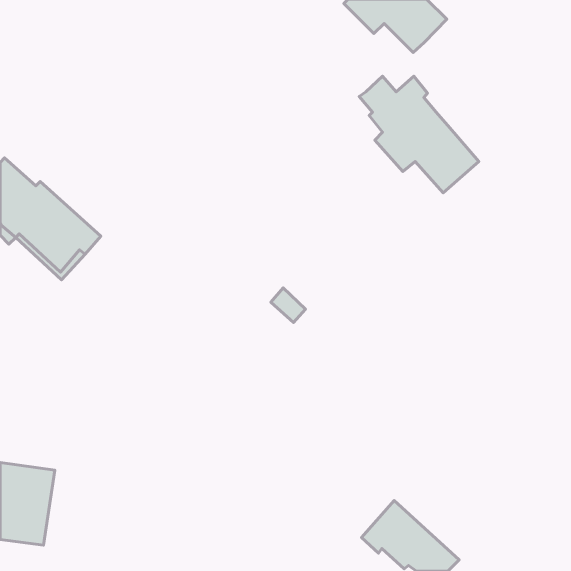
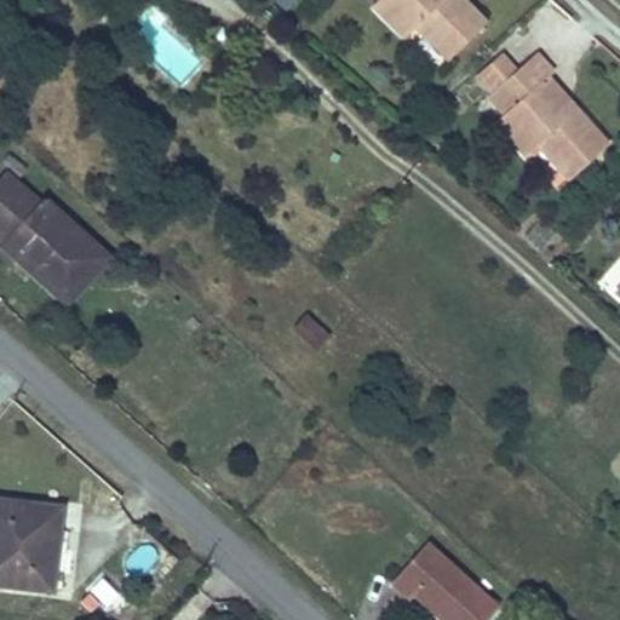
building: [359,76,479,193] -> [478,53,608,179]

